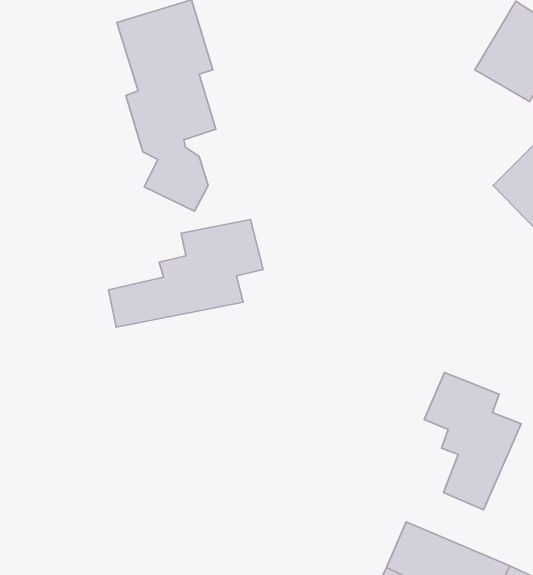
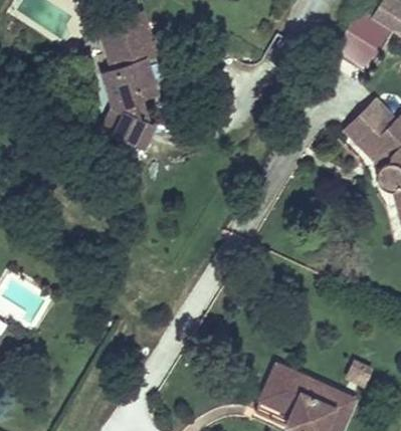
building: [108,219,263,327] -> none
building: [424,372,521,510] -> none

